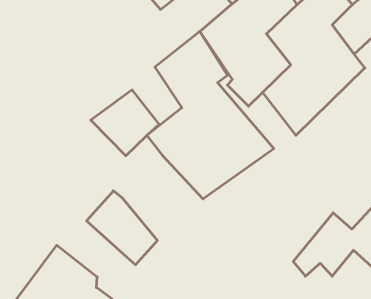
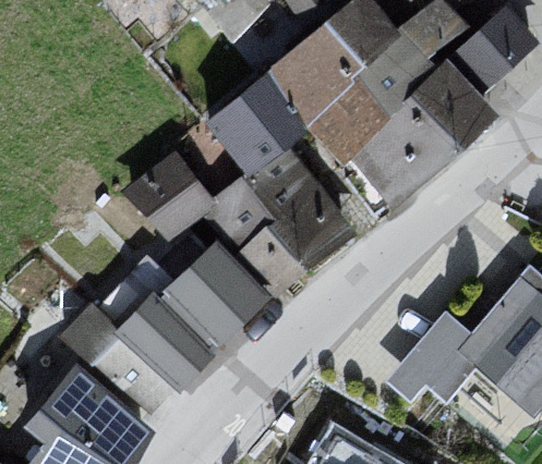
building: none -> [165,241,273,355]
building: none -> [59,297,170,395]

